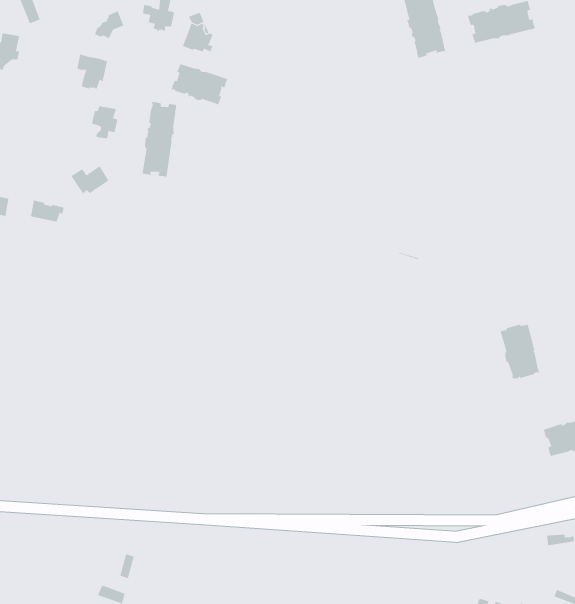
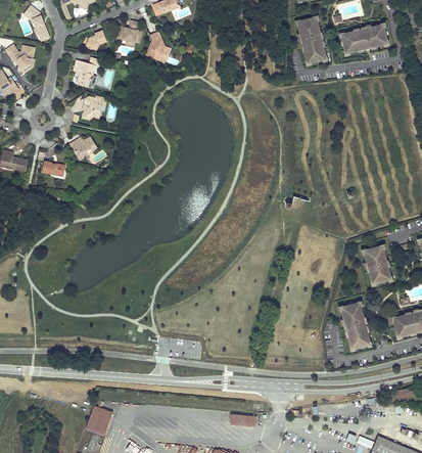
building: [171,63,228,105] -> none
building: [142,101,177,178] -> none
building: none -> [341,302,371,349]

